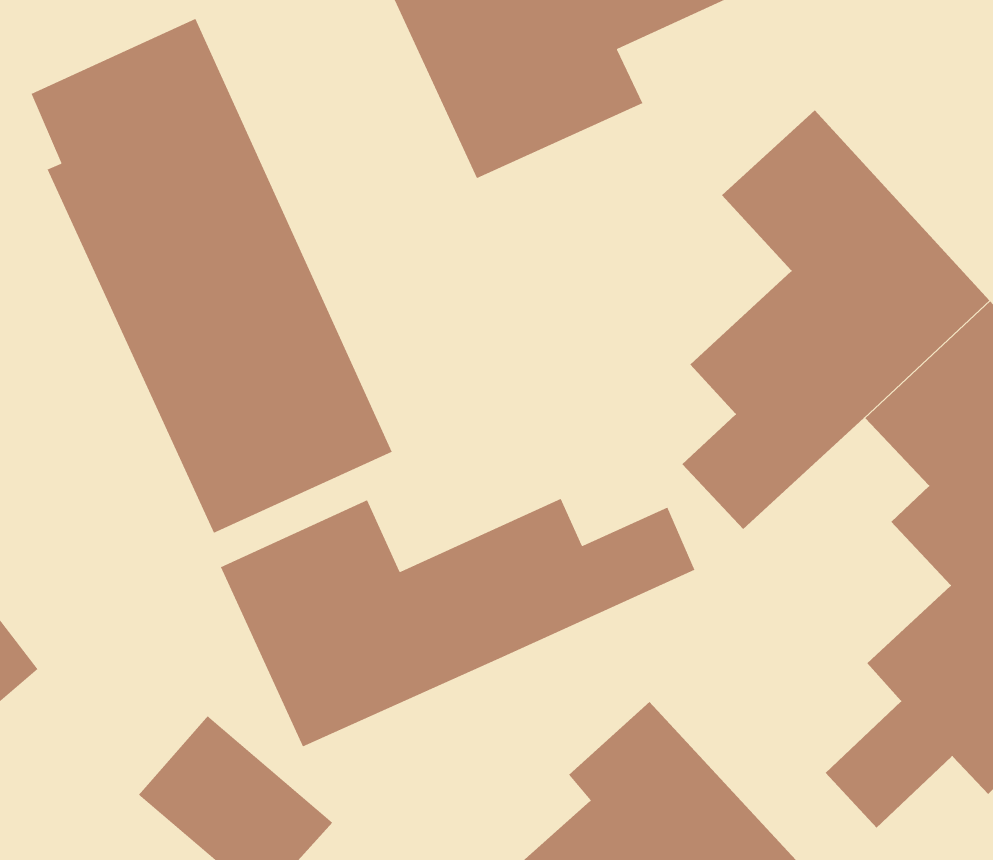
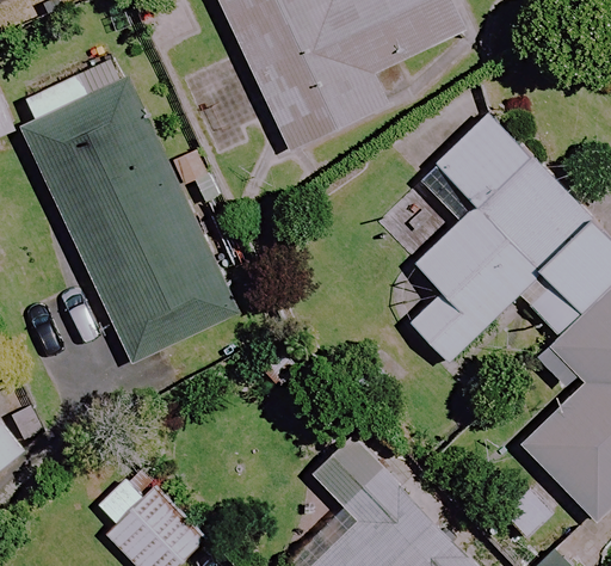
building: [220,498,695,748] -> none

